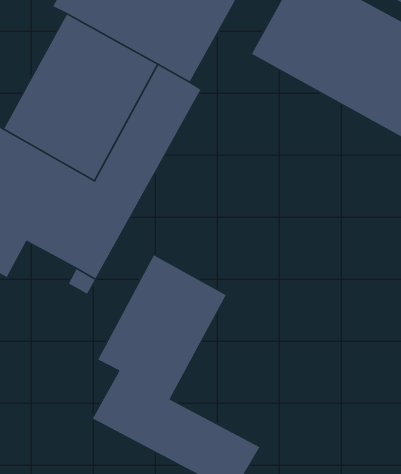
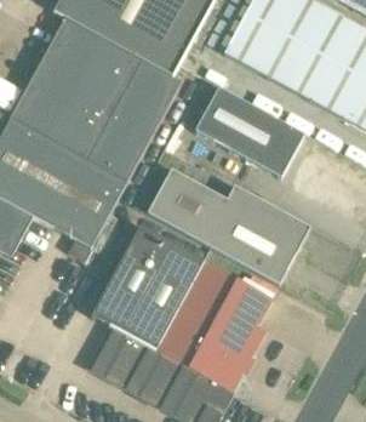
building: none -> [195,86,305,177]
building: none -> [148,169,311,284]
building: none -> [155,260,273,390]

